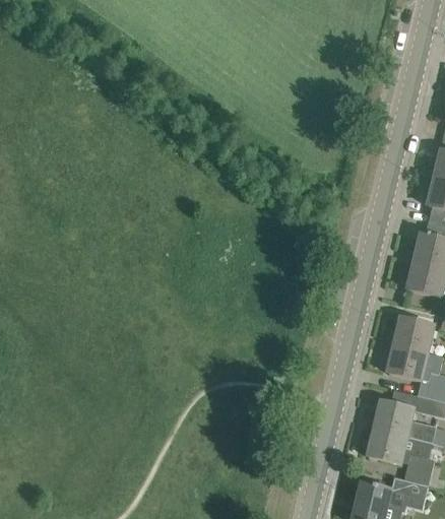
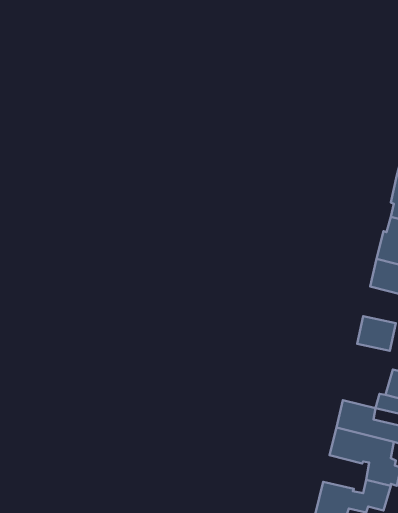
building: [388,344,428,379] -> none

